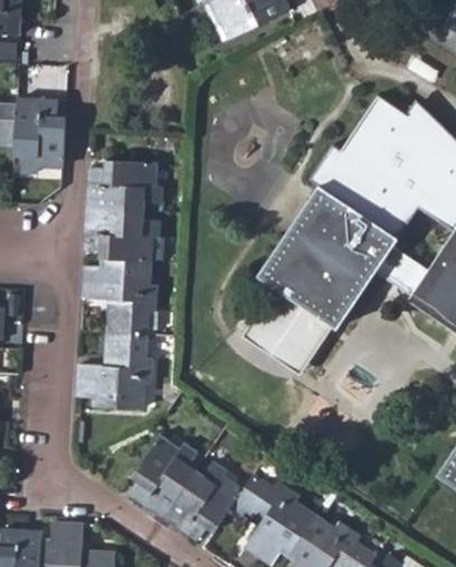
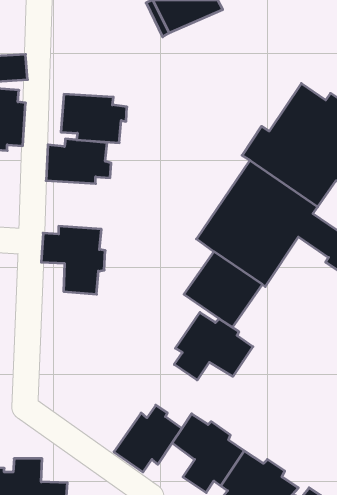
building: [84,206,160,262] -> [61,94,127,143]
building: [77,333,151,407] -> none
building: none -> [174,312,253,380]
building: [131,434,197,516] -> none

